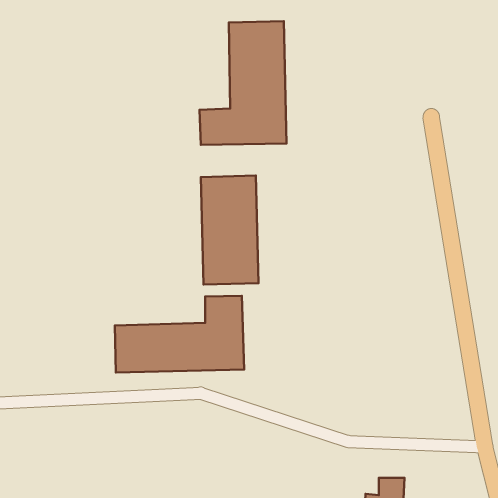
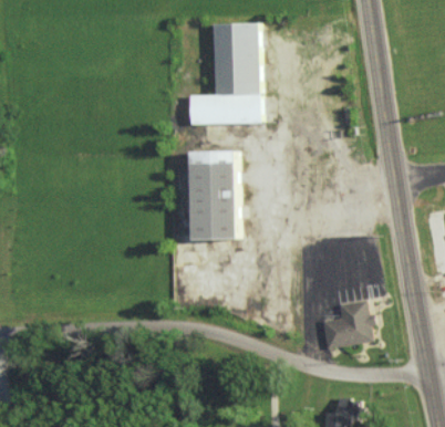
building: [115,296,244,373] -> none
building: none -> [321,299,375,350]

